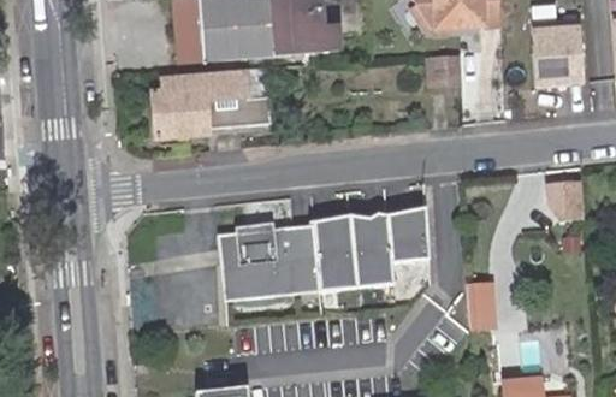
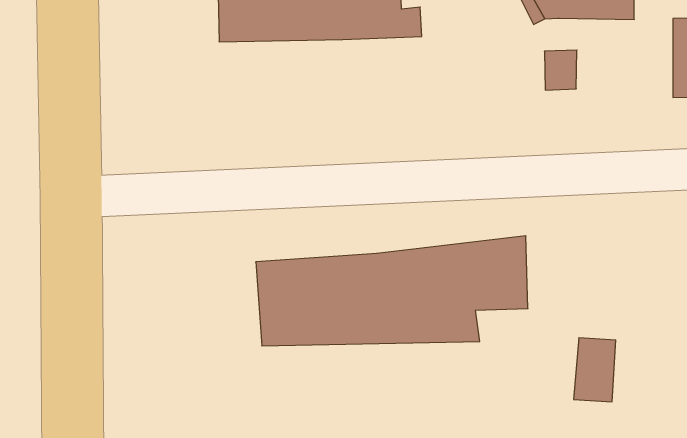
building: [150,75,270,135] -> none

